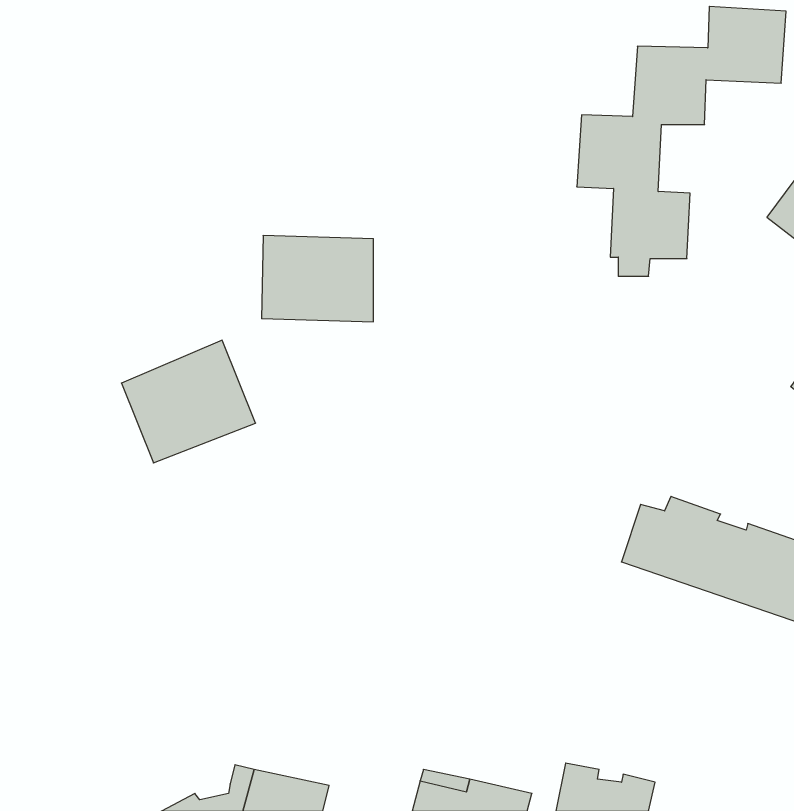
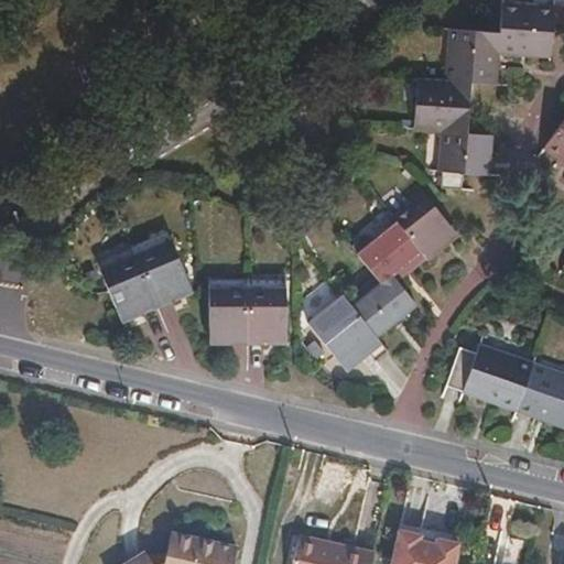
building: [262,236,373,322] -> [206,286,283,346]
building: none -> [305,185,457,375]

